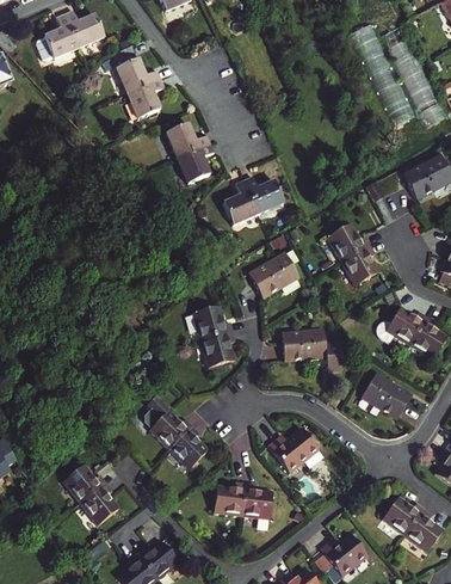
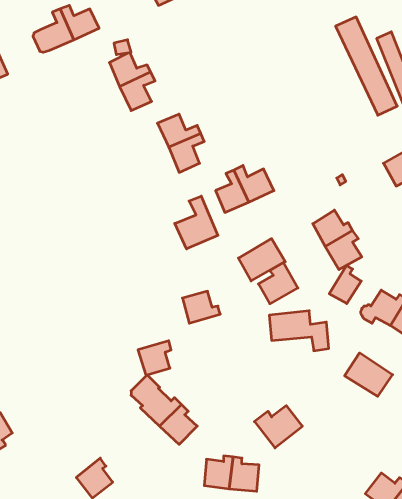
building: none -> [175,196,218,249]
building: none -> [258,263,298,304]
building: none -> [329,265,361,304]
building: [199,332,234,368] -> [138,341,171,375]
building: [63,463,106,503] -> none

